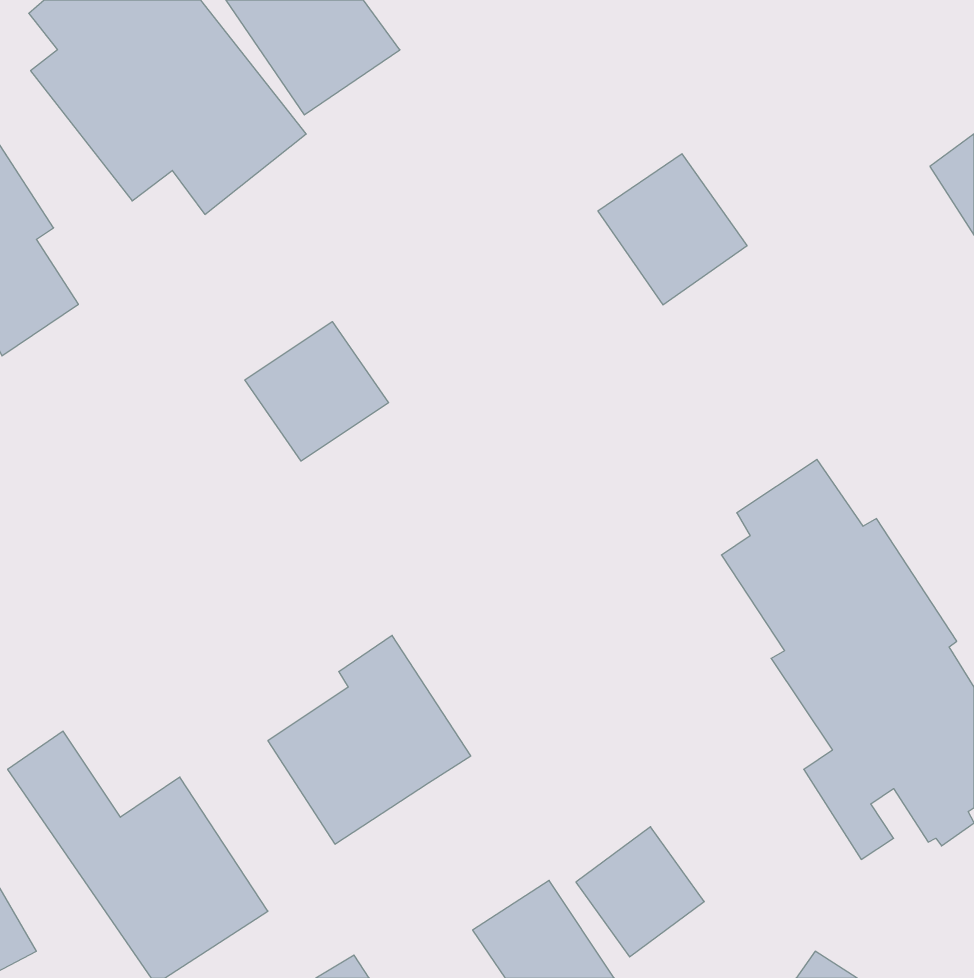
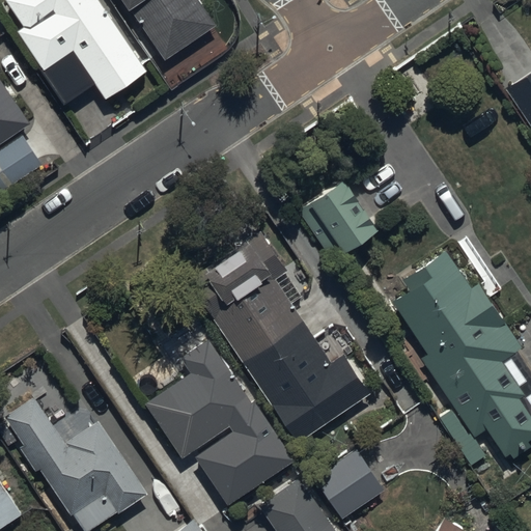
building: [598,154,747,305] -> [298,179,379,261]
building: [245,322,389,461] -> none
building: none -> [186,219,371,444]
building: none -> [199,410,290,505]

